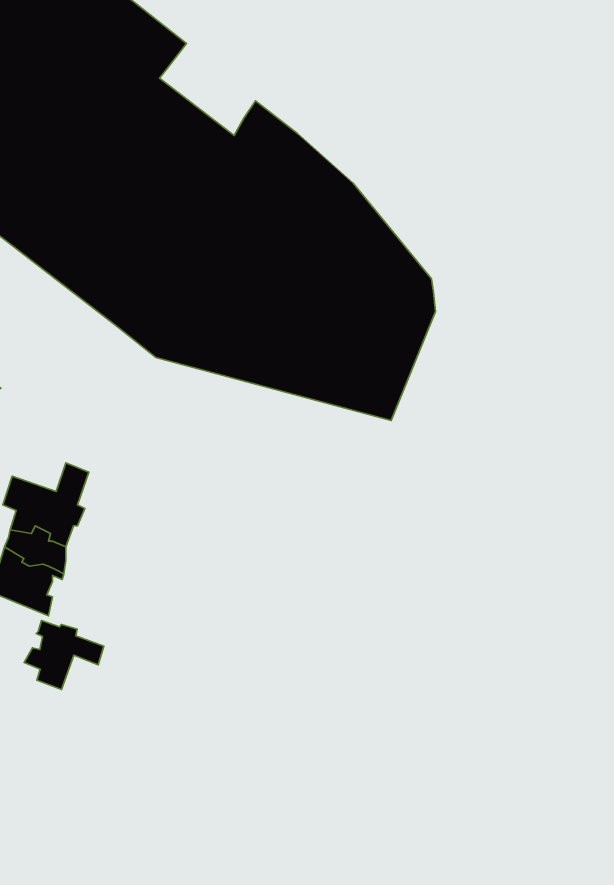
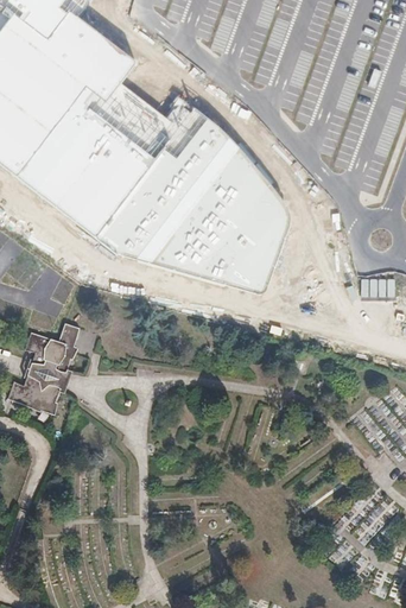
building: [24,620,104,690] -> none

